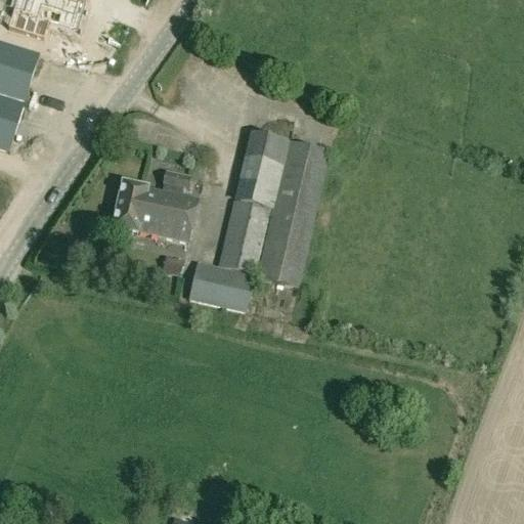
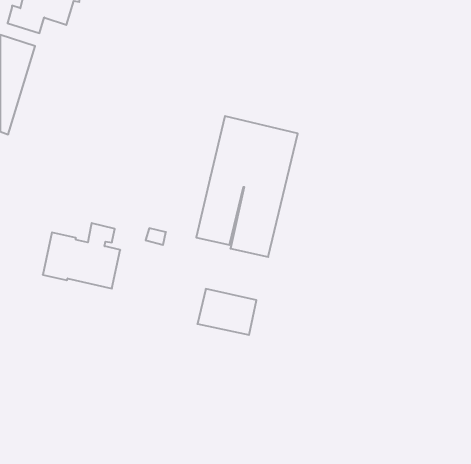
building: [112,168,198,241] -> [43,223,120,289]
building: [188,260,254,311] -> [197,289,256,335]

